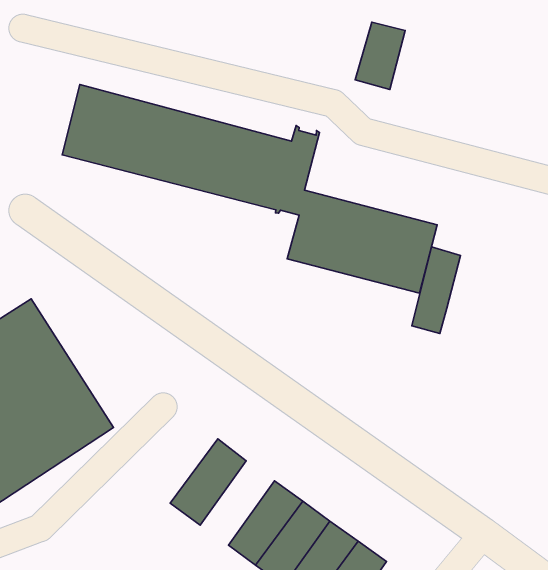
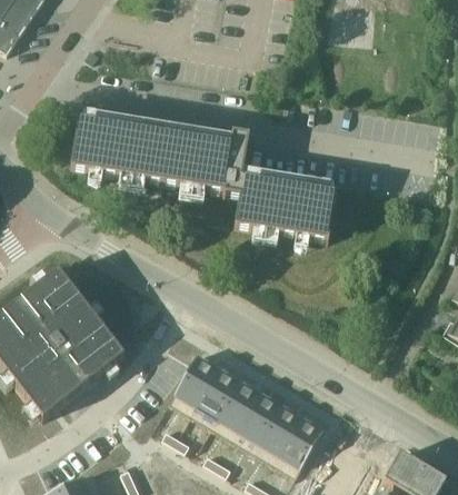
building: [355,22,405,89] -> none
building: [412,247,461,333] -> none
building: none -> [191,366,240,426]

